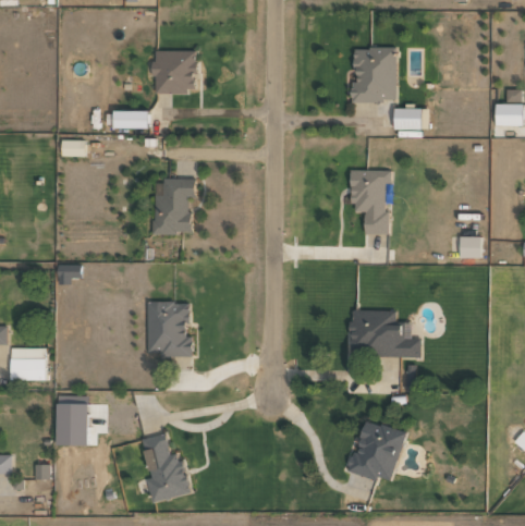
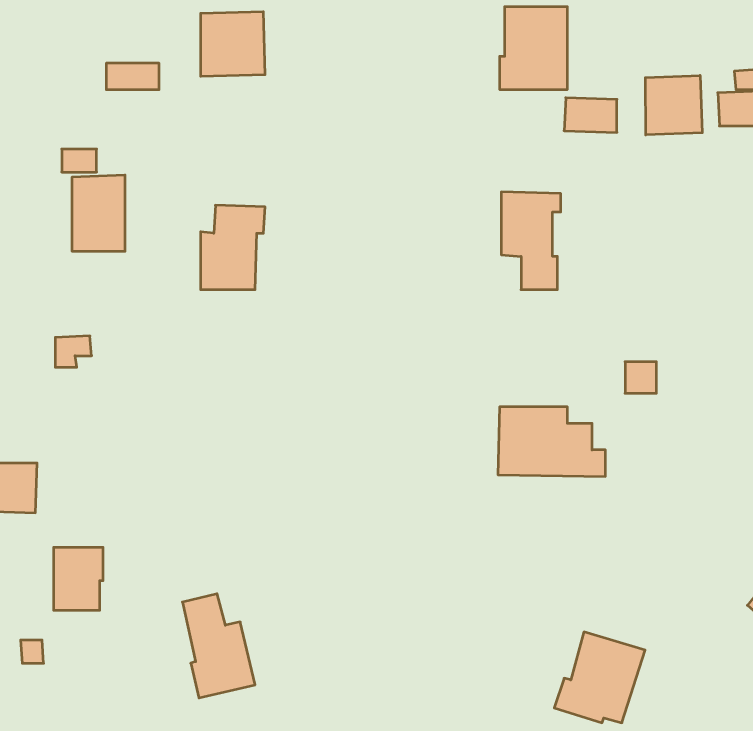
building: none -> [645,75,702,135]
building: [113,110,148,127] -> [106,63,159,90]
building: none -> [72,175,125,251]
building: [460,236,480,257] -> [625,362,656,393]
building: [147,302,192,355] -> none
building: [345,420,405,480] -> [554,632,645,723]

